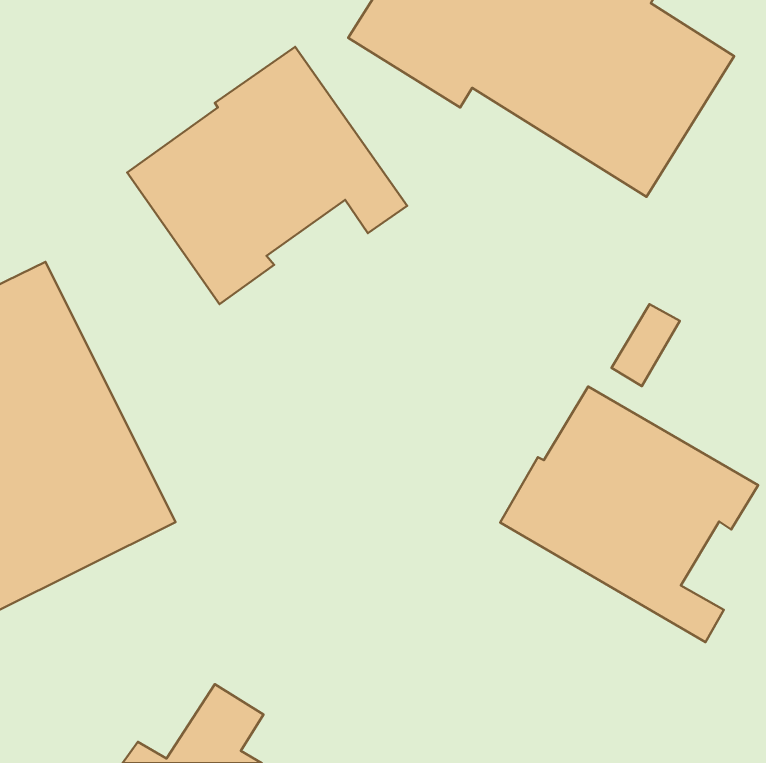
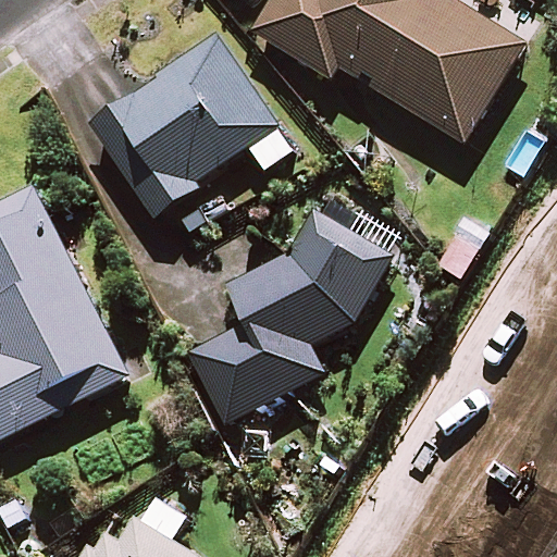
building: none -> [187,209,392,424]
building: [500,387,758,642] -> none

